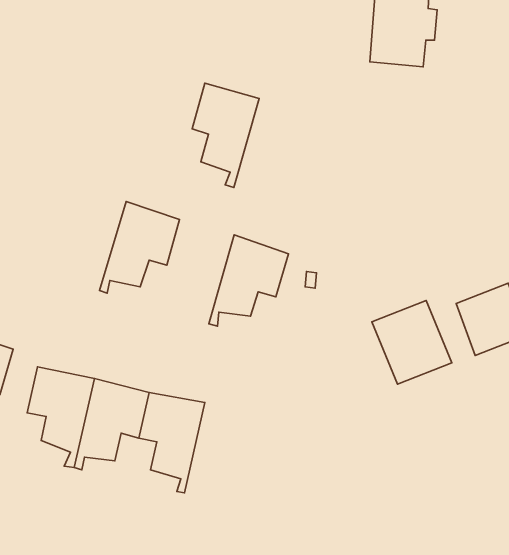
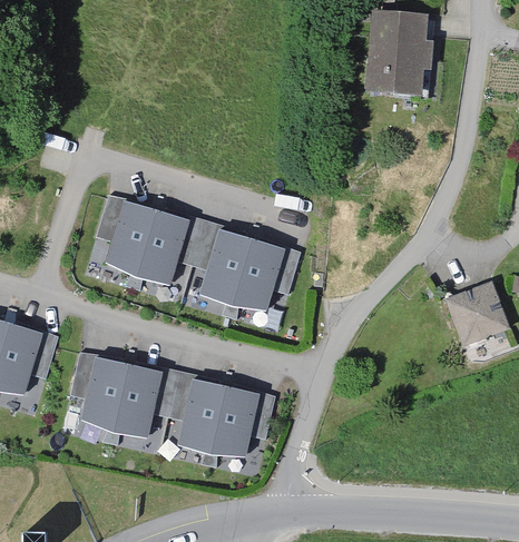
building: [192,83,259,187] -> [193,225,252,316]
building: none -> [96,197,157,287]
building: [372,301,452,384] -> none
building: none -> [208,385,275,466]

